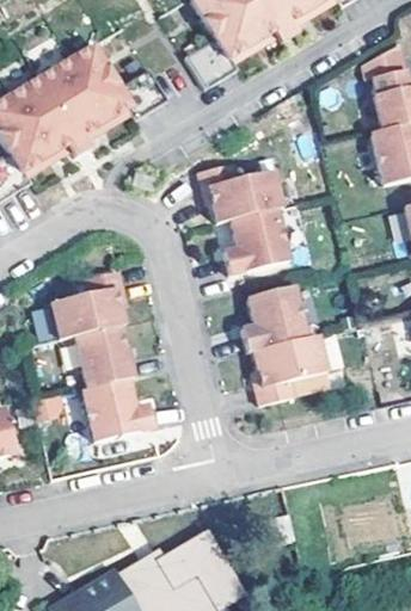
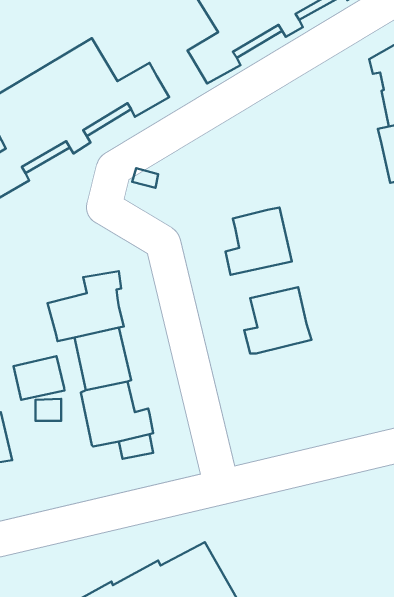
building: [200,162,282,221] -> none
building: [253,334,327,403] -> none
building: none -> [14,356,64,400]

